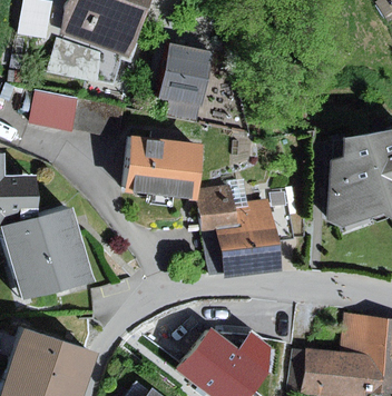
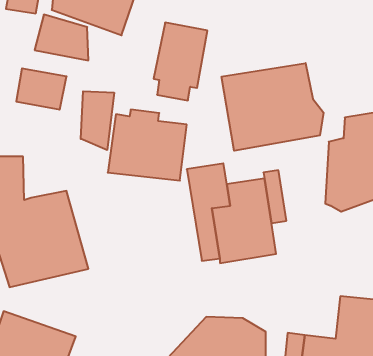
building: none -> [222,63,324,151]
building: none -> [81,91,114,150]

